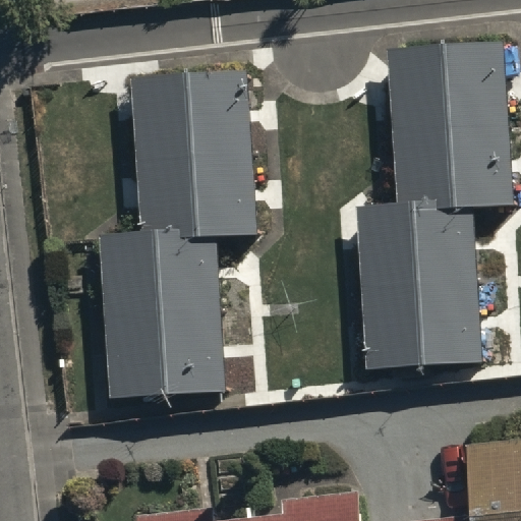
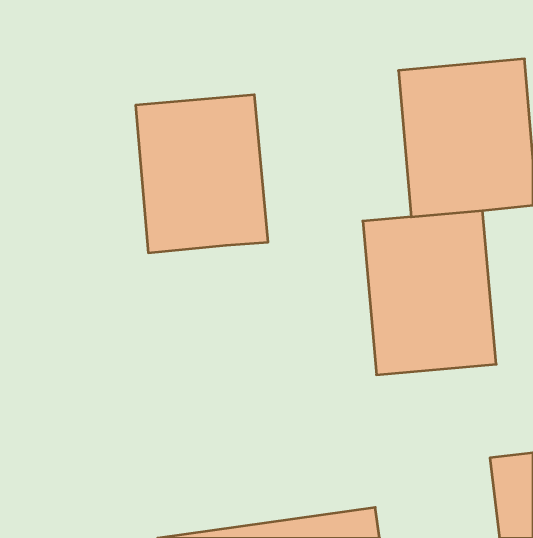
building: [97,237,232,396] -> none

